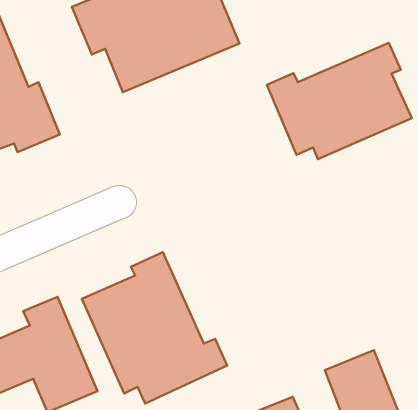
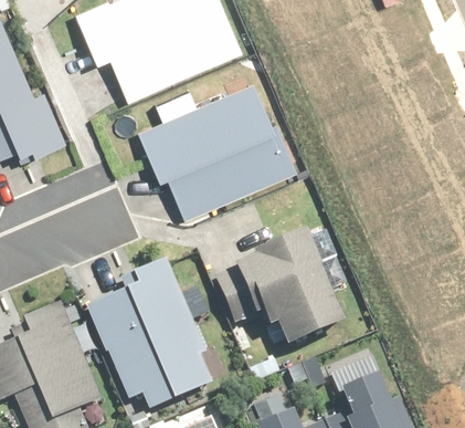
building: [267,43,412,159] -> none
building: none -> [139,85,290,220]
building: none -> [233,231,345,349]

